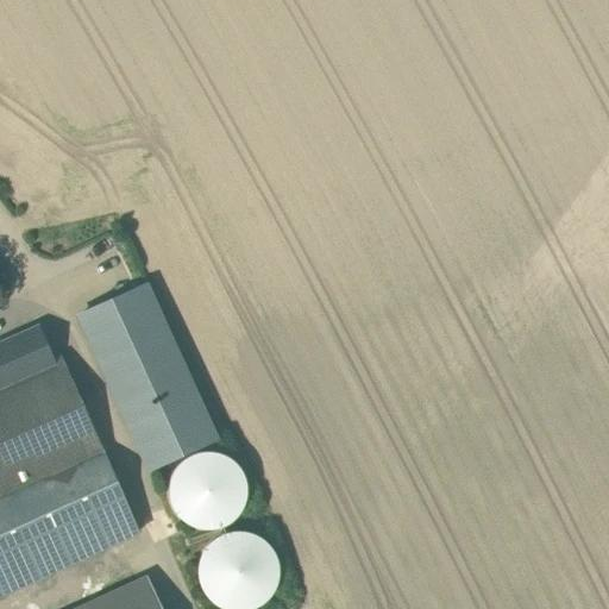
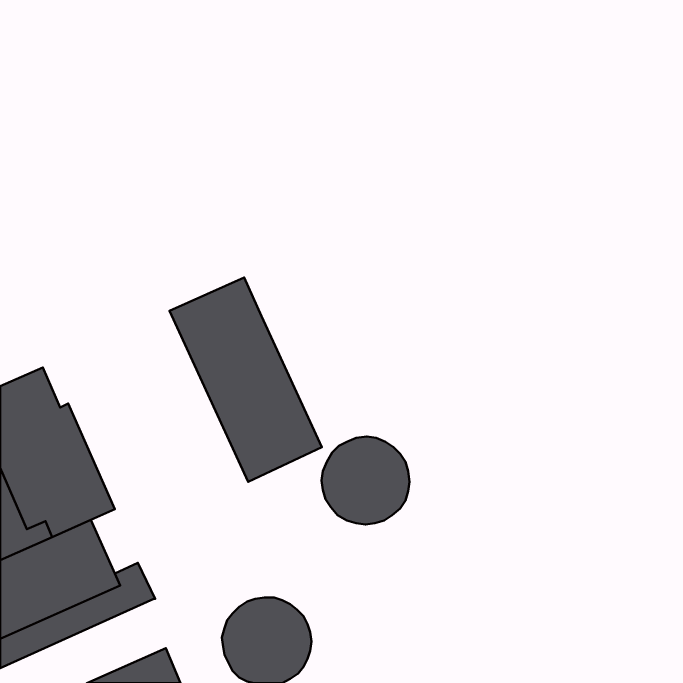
building: [79,287,214,469] -> [169,277,322,482]
building: [168,451,246,529] -> [321,436,410,525]
building: [81,453,123,510] -> none

